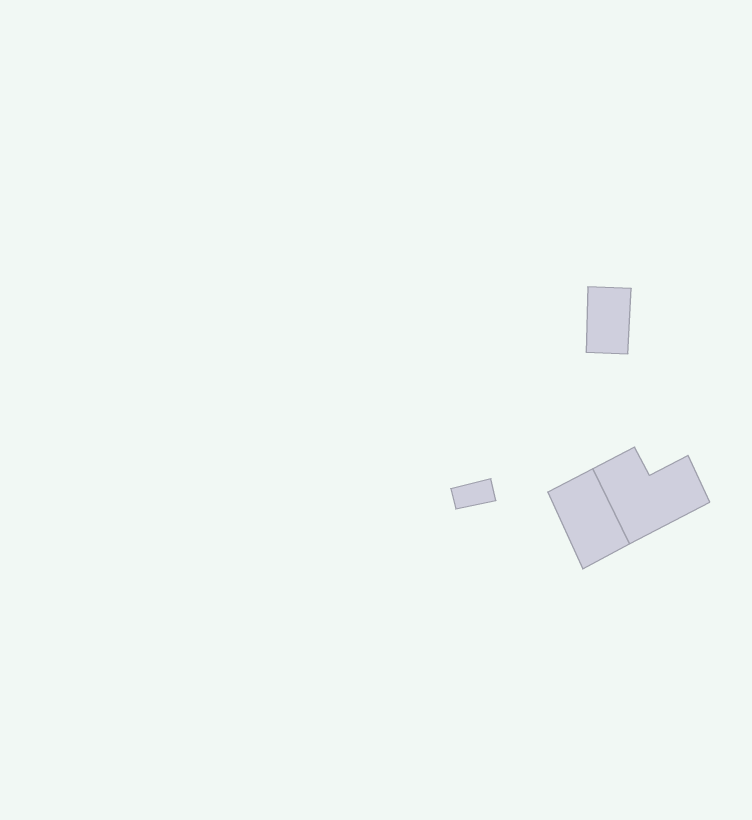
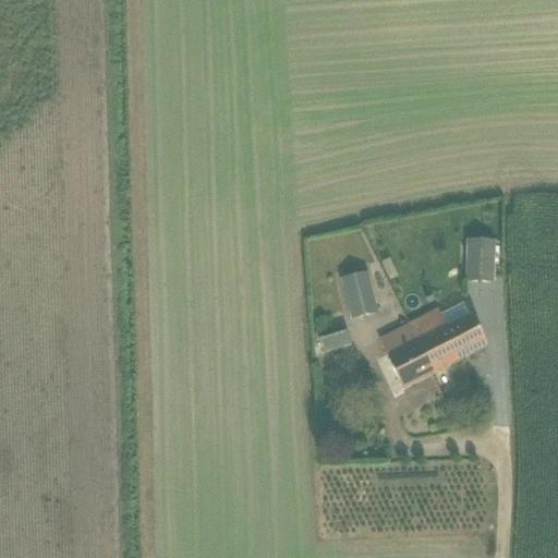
building: [586,287,631,354] -> [466,236,496,280]
building: none -> [341,268,378,316]

